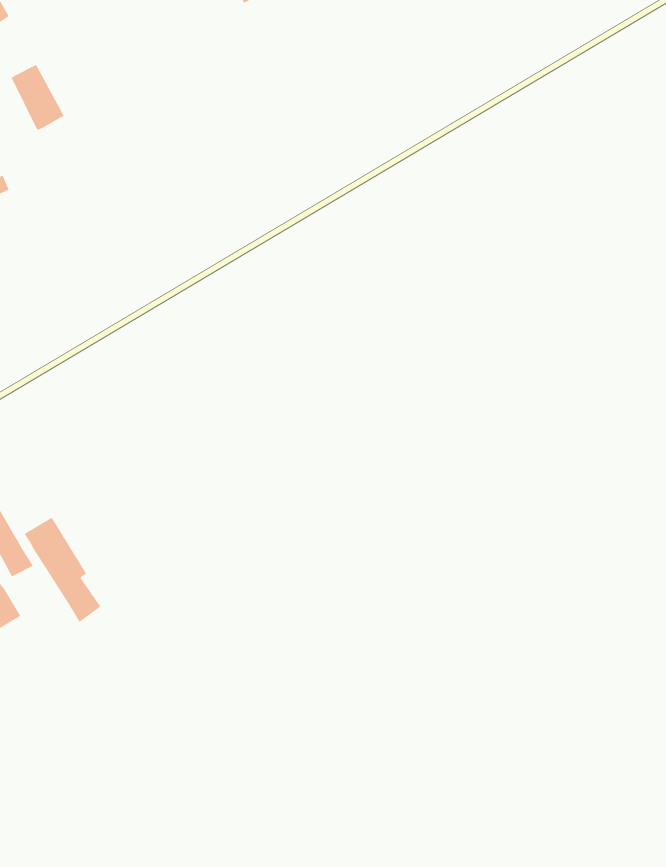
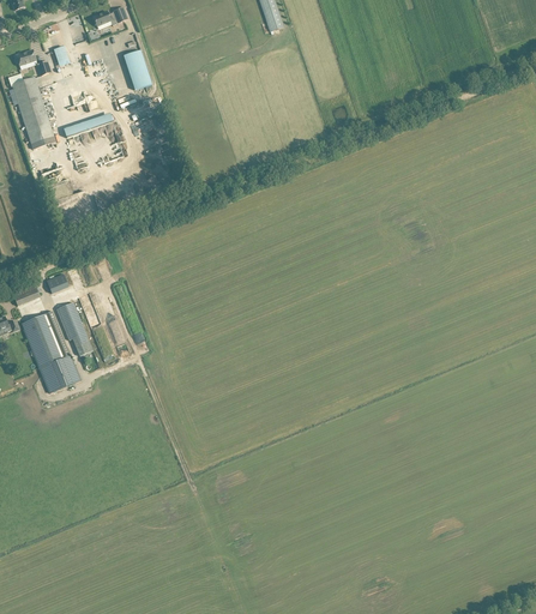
building: [24,517,101,623] -> none

